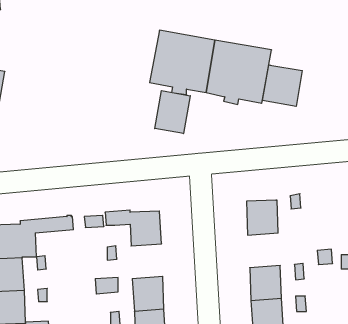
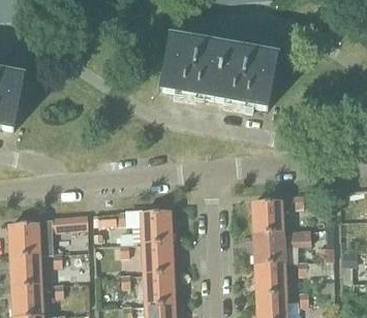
building: [263,65,302,106] -> none
building: [155,91,190,134] -> none
building: none -> [253,230,311,264]
building: none -> [143,242,173,275]

